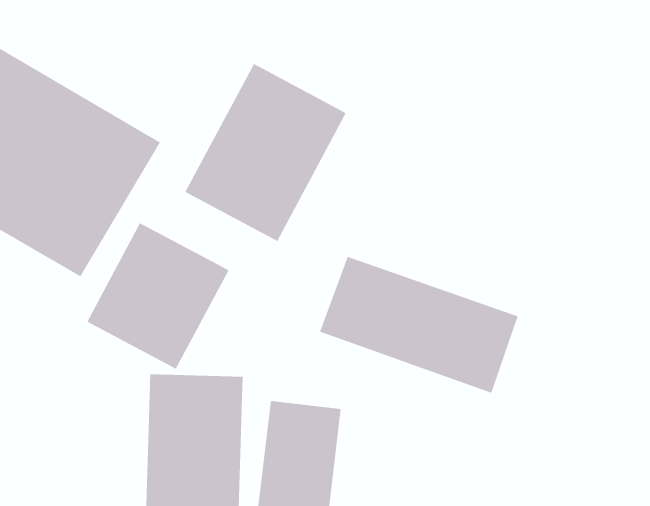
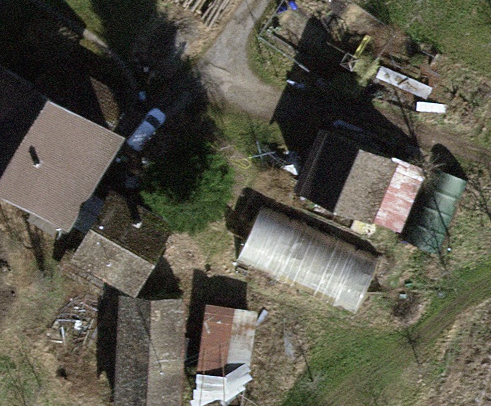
building: [185,63,347,242] -> none
building: none -> [291,138,425,245]

